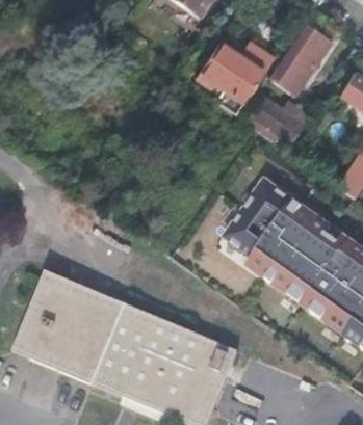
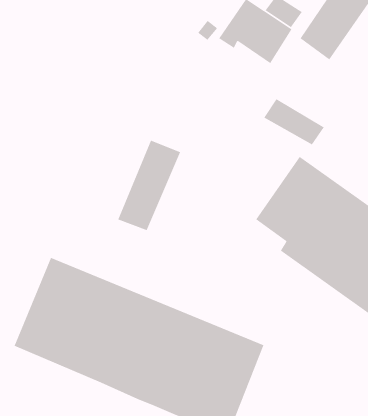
building: [250,98,305,140] -> [263,98,325,146]
building: none -> [117,140,181,231]

